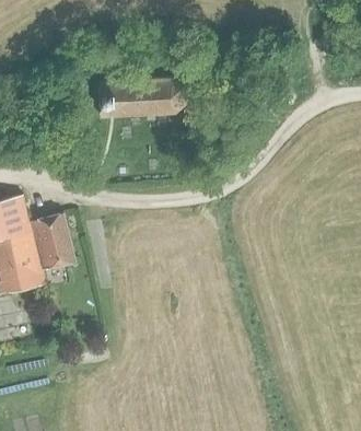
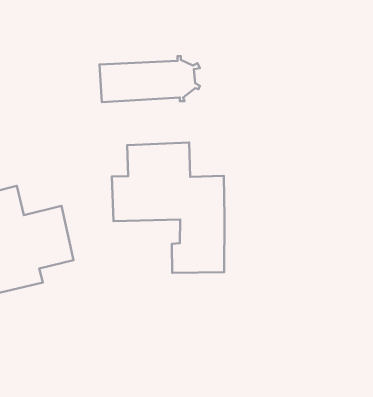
building: none -> [112,143,225,273]

